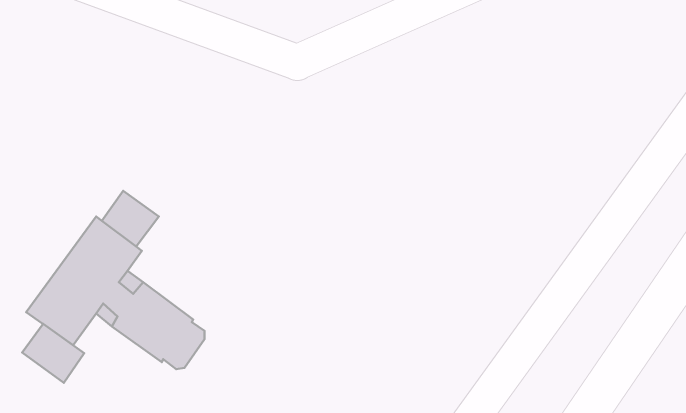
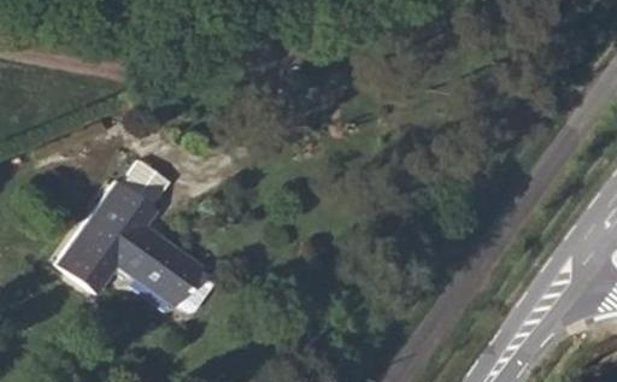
building: [22,324,84,383] -> none

